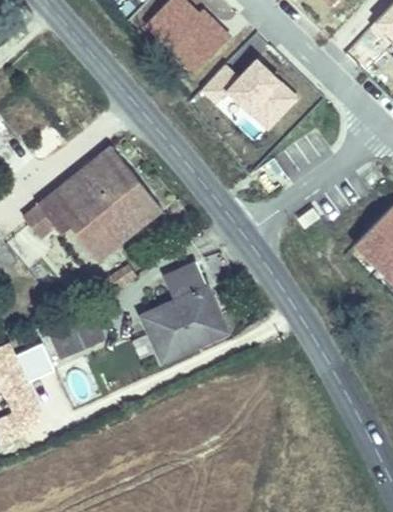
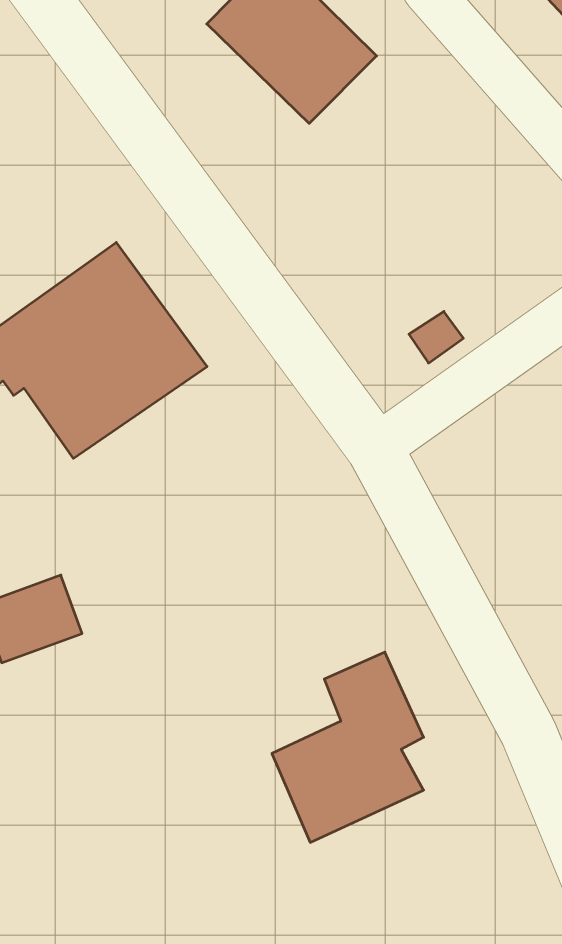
building: [216,65,292,142] -> none
building: [148,256,227,356] -> [272,652,424,842]

